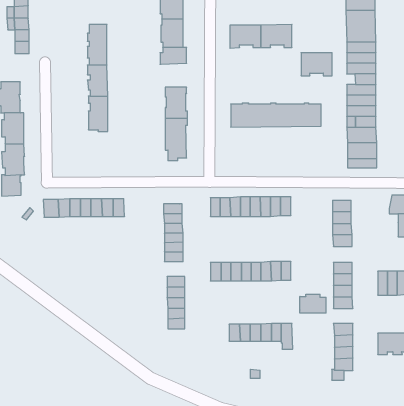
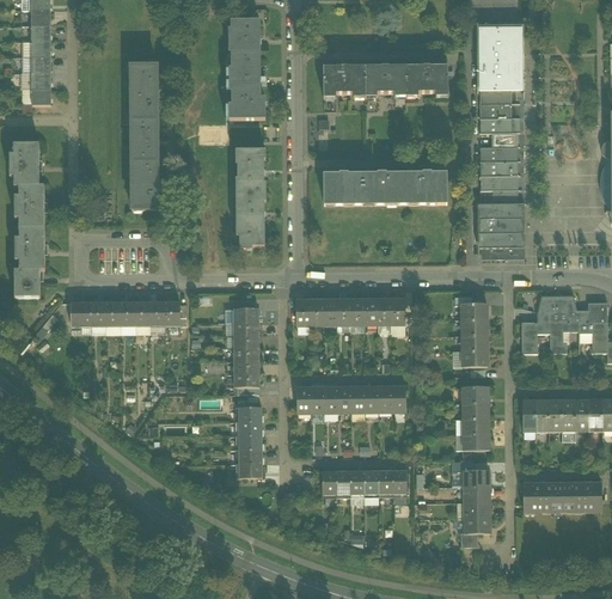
building: [301,53,332,76] -> [406,65,448,96]
building: none -> [522,320,550,353]
building: [300,294,326,313] -> none

